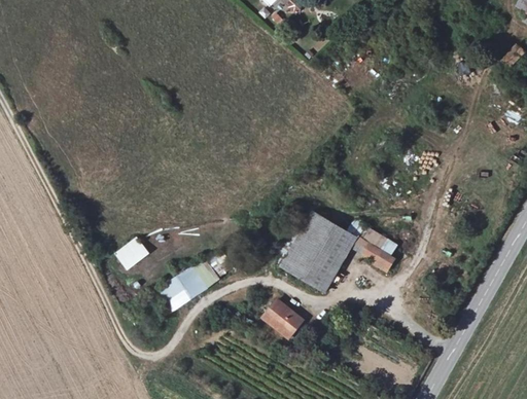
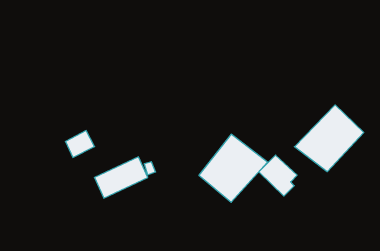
building: none -> [294,105,364,172]
building: [261,299,303,338] -> none

